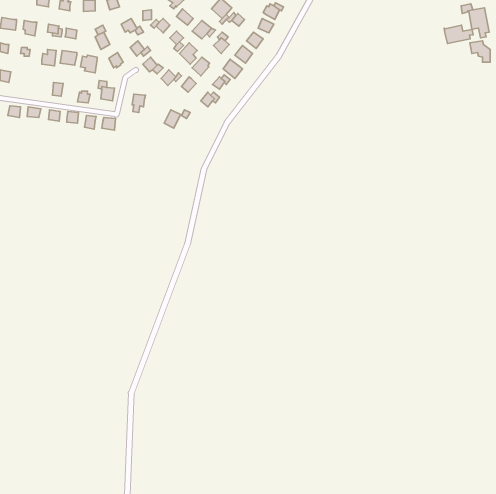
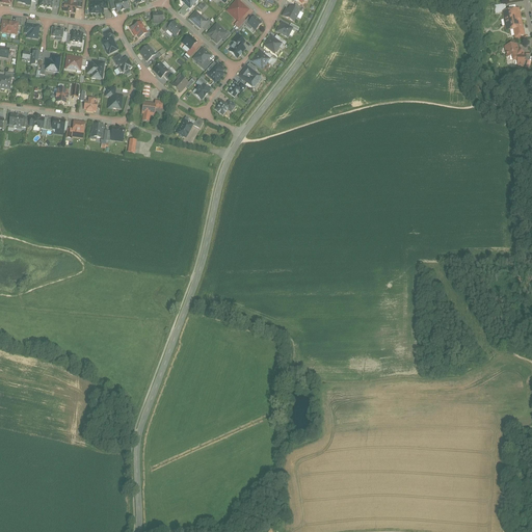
building: [444,25,473,43] -> none

